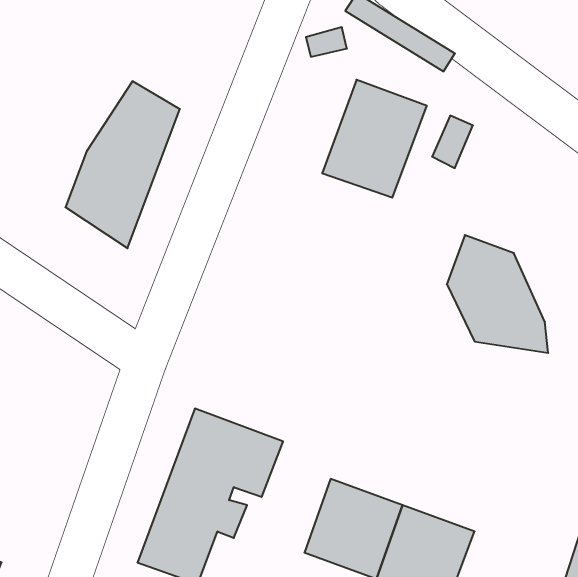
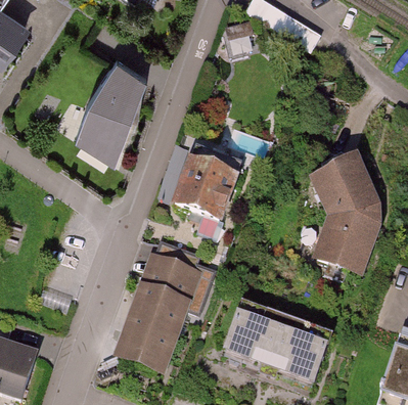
building: [322,80,427,198] -> [176,147,241,221]
building: none -> [318,217,378,282]

